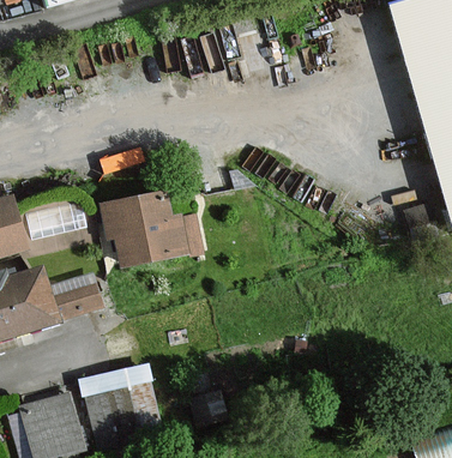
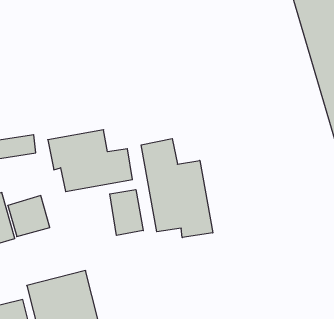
building: none -> [141,139,213,238]
building: none -> [110,190,143,235]

